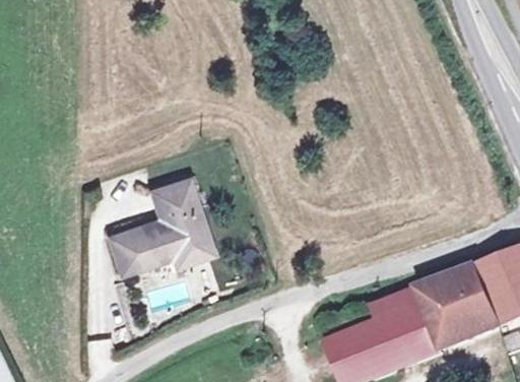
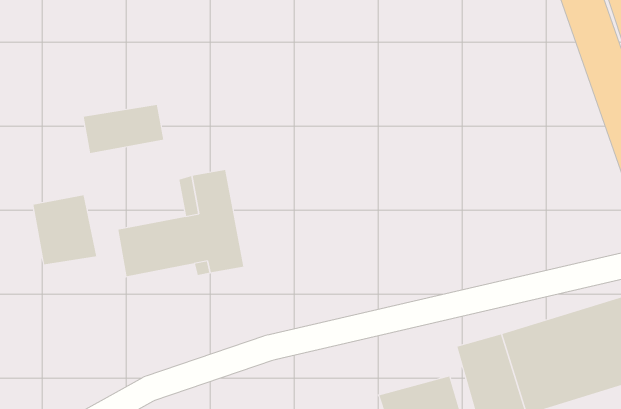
building: none -> [83,104,164,154]
building: none -> [33,194,97,265]

